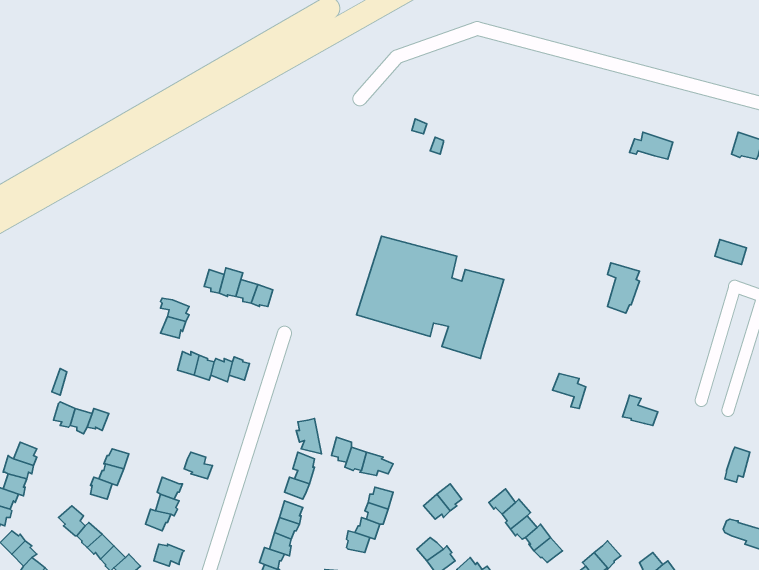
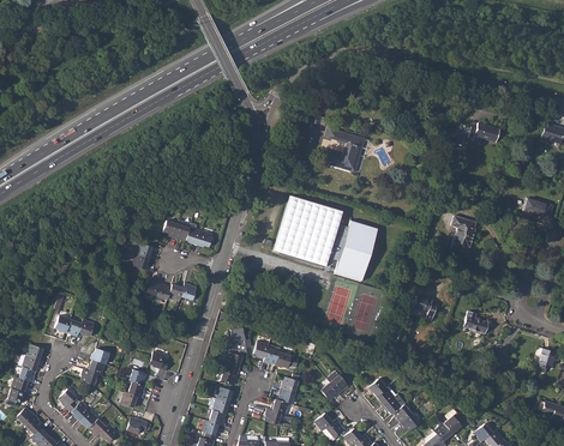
building: none -> [326,131,365,170]

